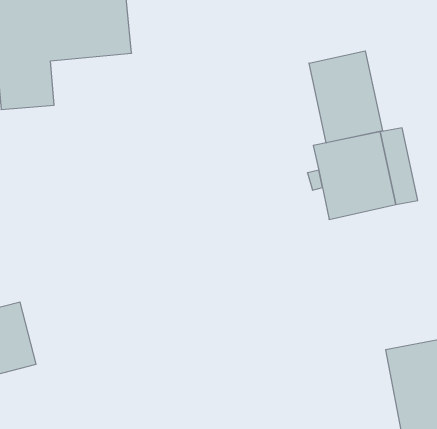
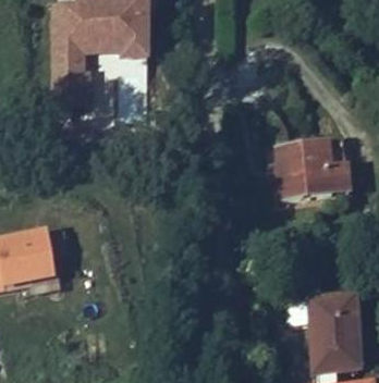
building: [309,51,382,143] -> none

